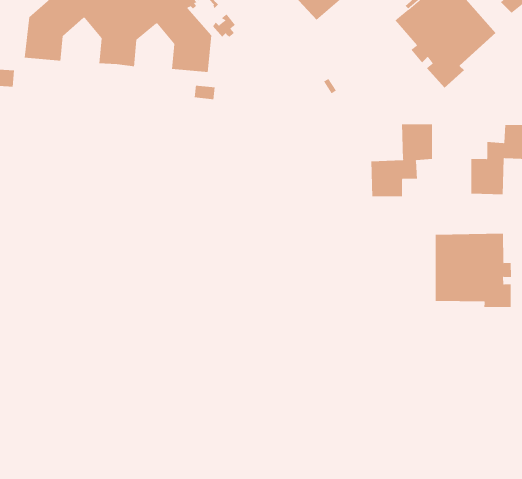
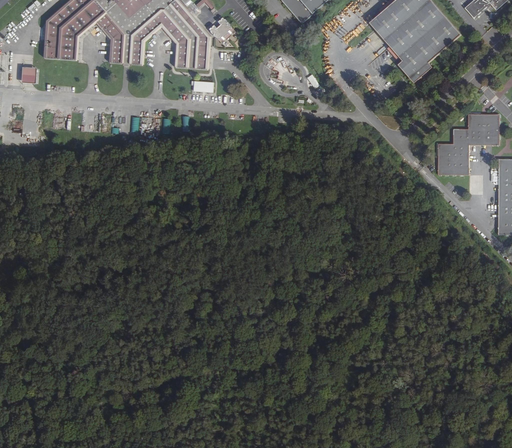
building: [371,124,432,197] -> none
building: [435,233,512,308] -> none

